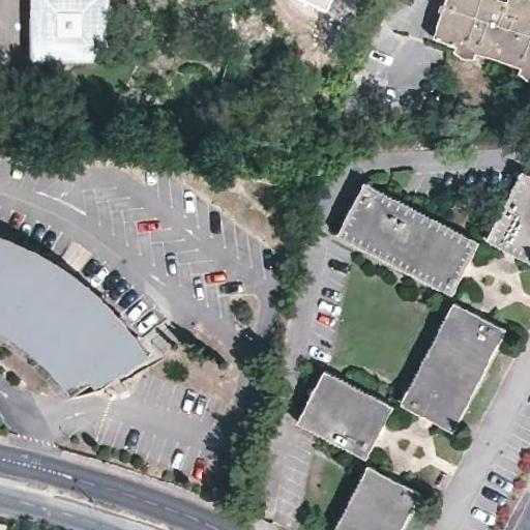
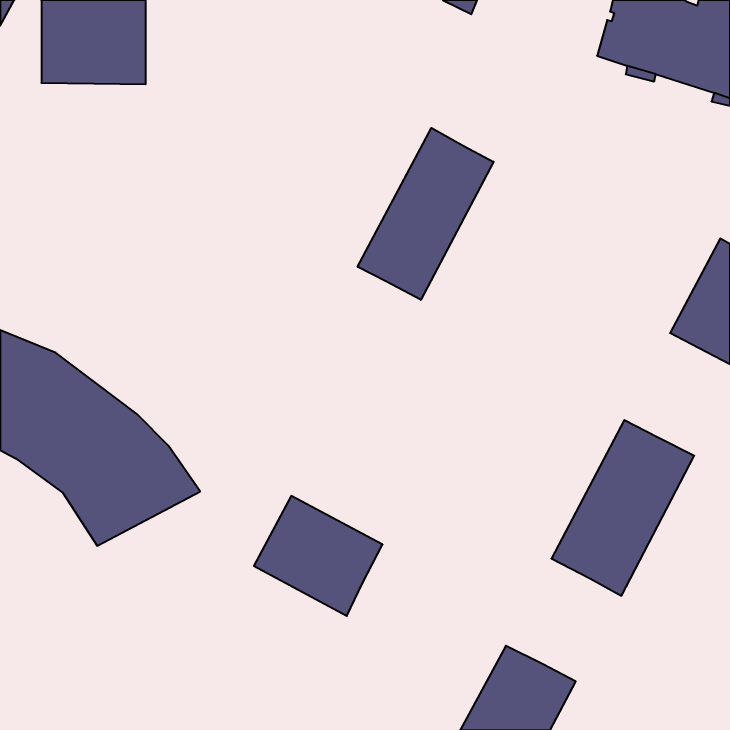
building: none -> [358,128,494,300]
building: [337,183,476,296] -> none
building: [297,372,390,459] -> [254,496,383,616]

